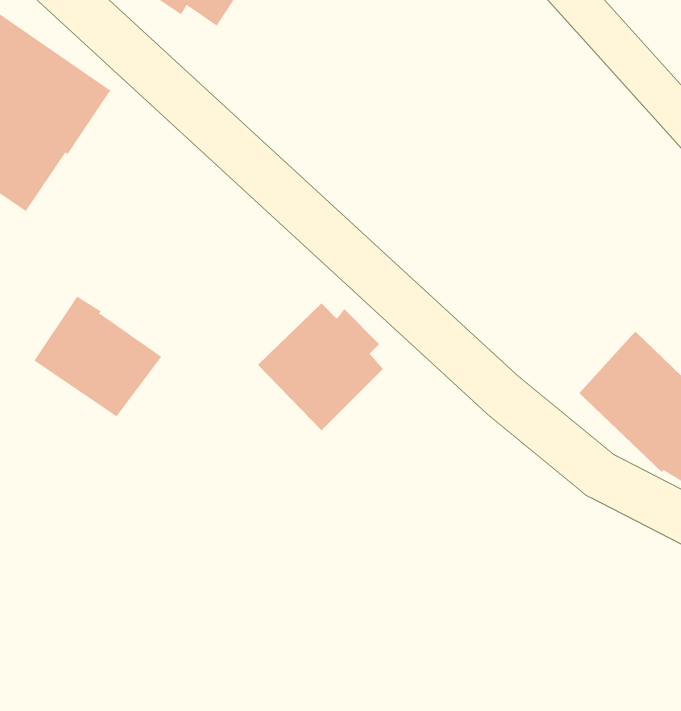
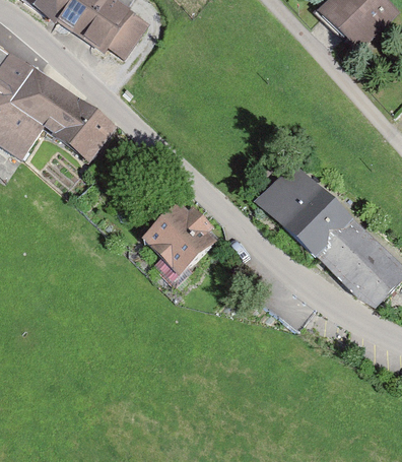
building: none -> [262,171,345,254]
building: [34,296,162,417] -> [43,90,112,155]

